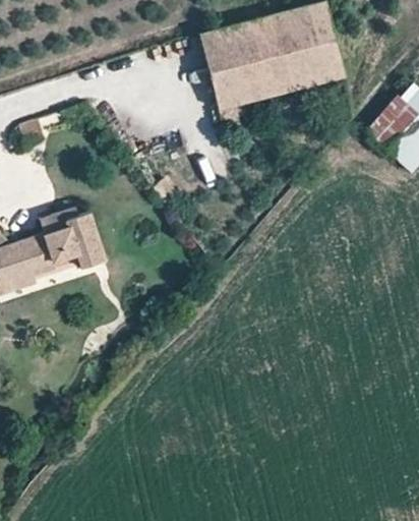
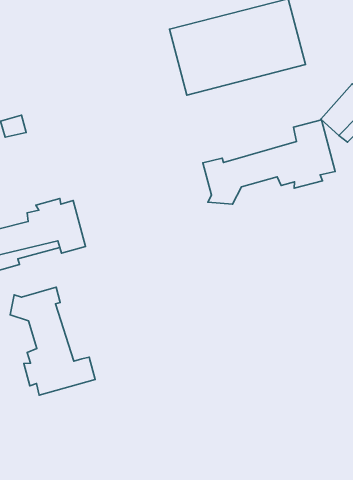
building: none -> [203,120,335,204]
building: none -> [10,287,95,395]

